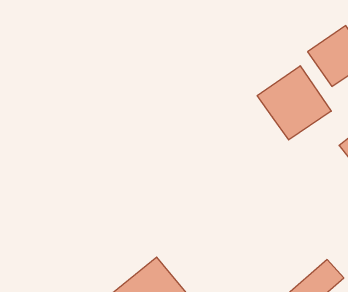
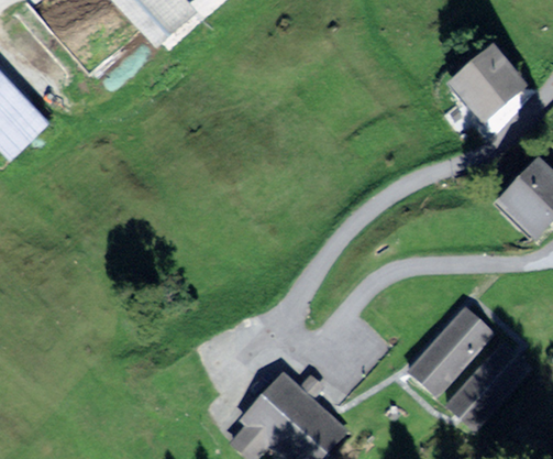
building: [257,66,331,140] -> none
building: none -> [413,316,489,394]

